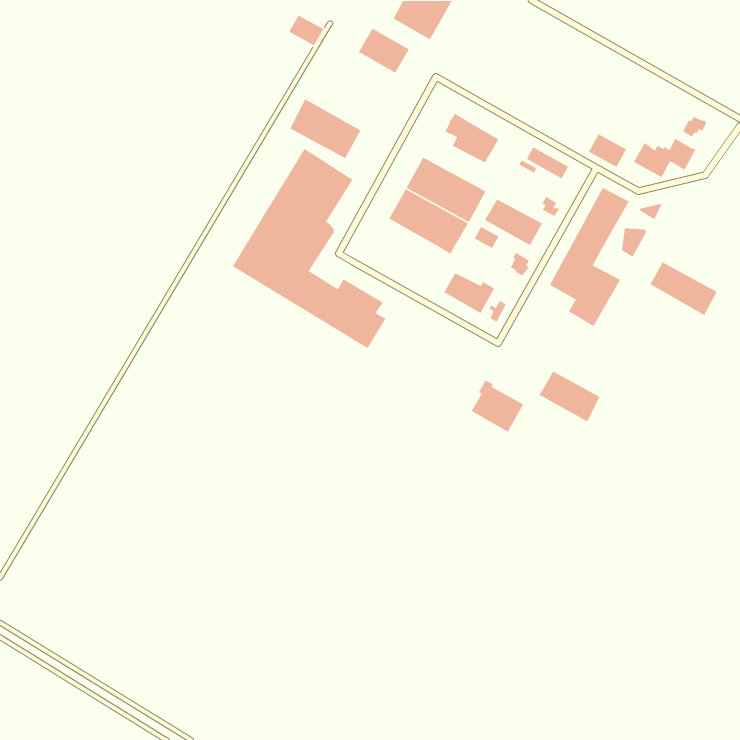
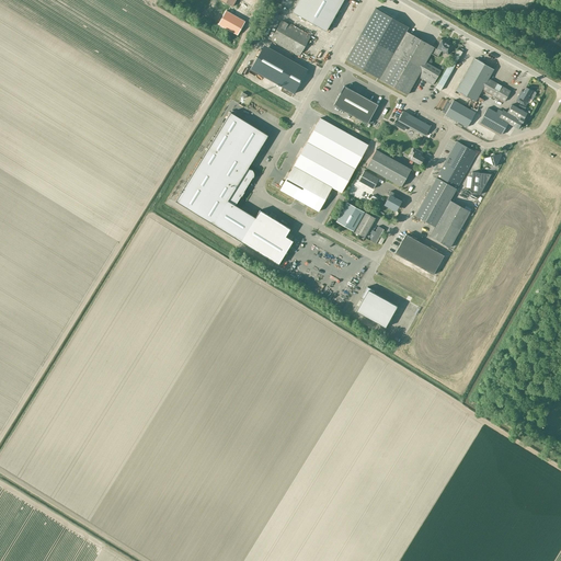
building: none -> [345,8,453,94]
building: none -> [456,58,510,102]
building: [289,98,361,159] -> [254,44,309,90]
building: none -> [279,165,332,211]
building: [649,261,718,316] -> none
building: [538,370,601,423] -> [394,234,442,274]

